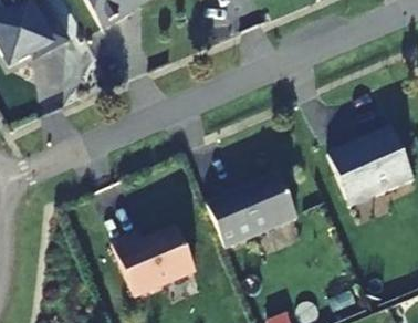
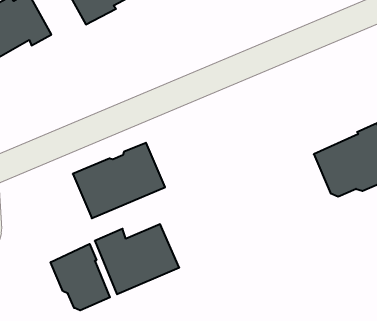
building: [207,170,299,246] -> [73,143,165,218]
building: none -> [51,244,110,310]

